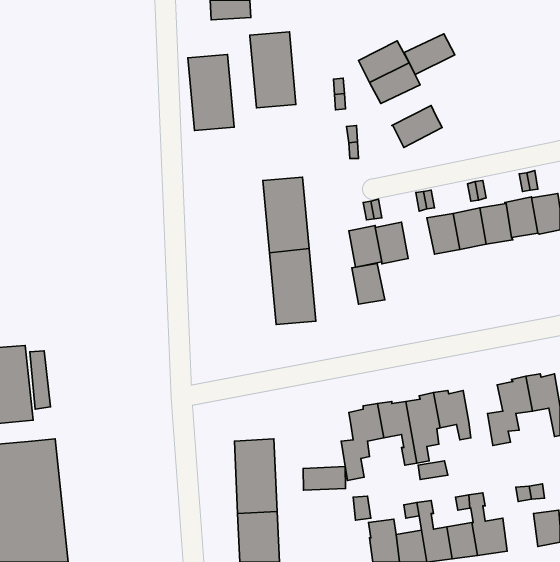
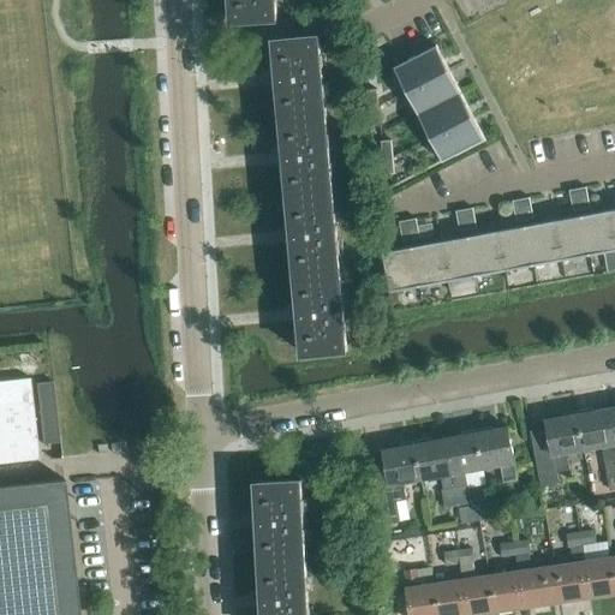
building: [404,34,455,75] -> [416,92,471,137]
building: [188,55,234,131] -> [280,114,330,197]
building: [352,263,385,304] -> [438,238,474,282]
building: [303,466,346,490] -> none
building: none -> [549,561,587,602]

